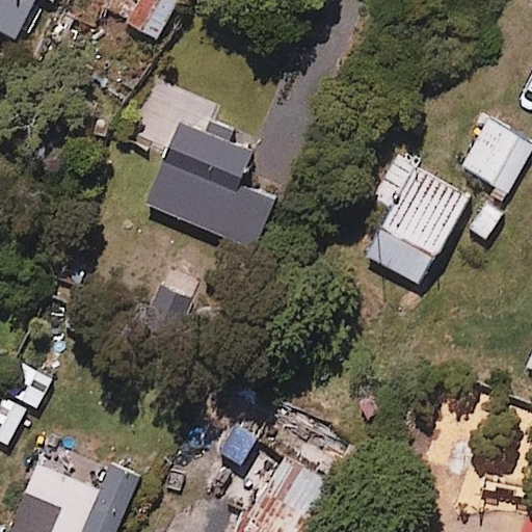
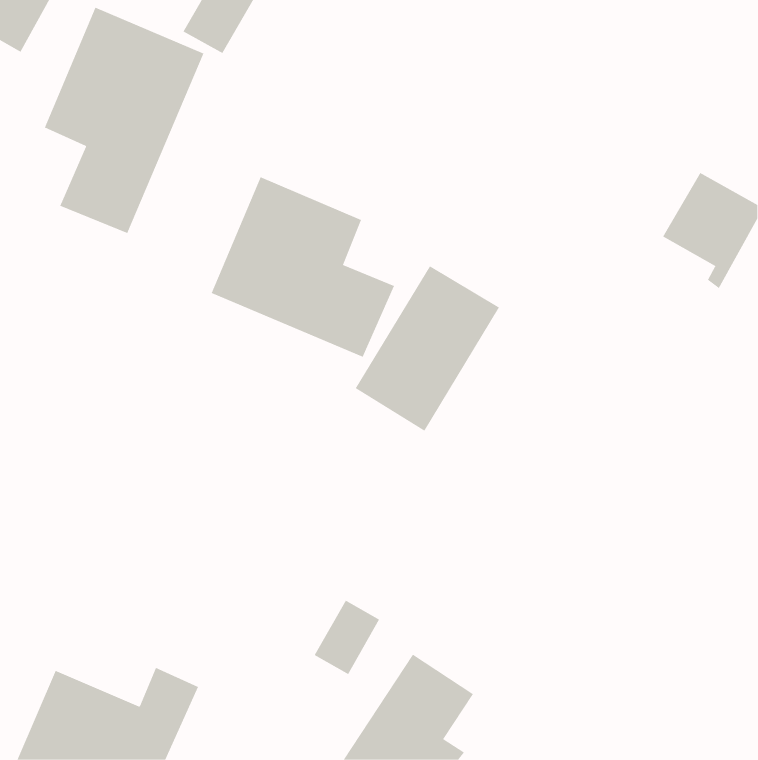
building: none -> [44,7,204,234]
building: [369,169,470,285] -> [355,266,500,432]

